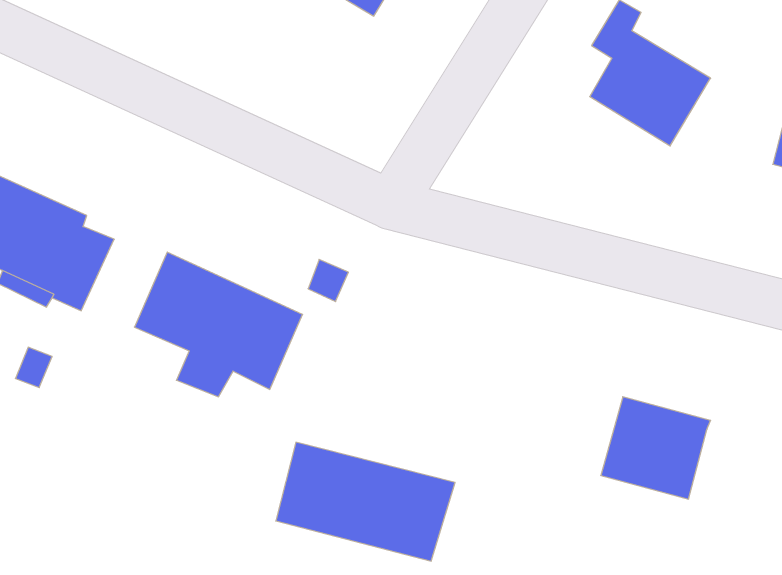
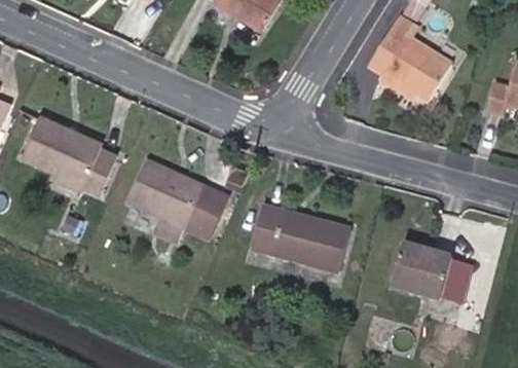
building: none -> [439,260,471,304]
building: [276,442,455,561] -> [250,205,350,271]

